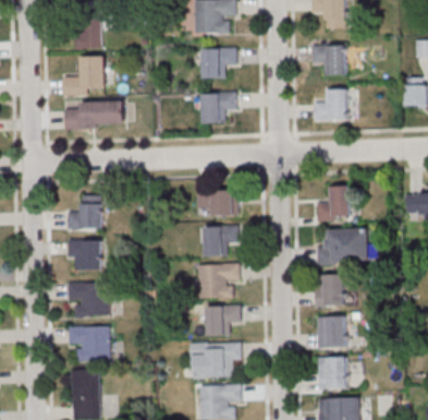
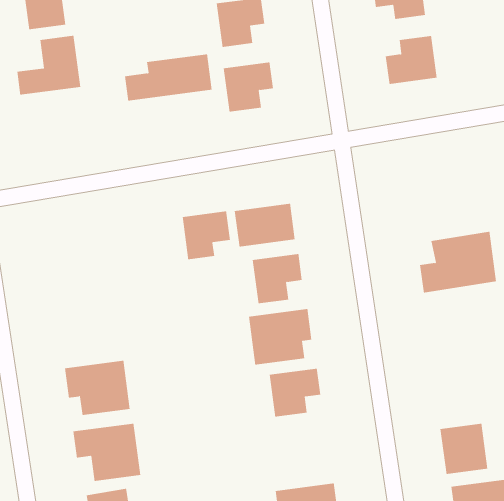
building: [64,101,123,127] -> [124,54,213,101]
building: [325,187,350,217] -> none
building: none -> [182,211,230,260]
building: [68,195,101,229] -> none
building: [68,240,101,269] -> none
building: [315,275,344,307] -> none
building: [317,316,346,347] -> none
building: [189,341,241,379] -> none

